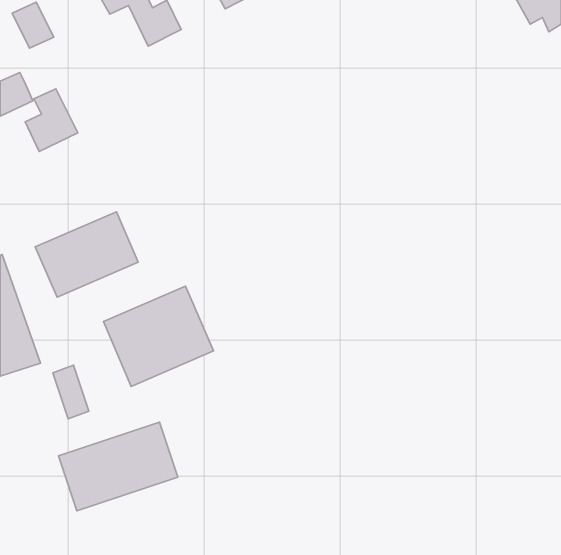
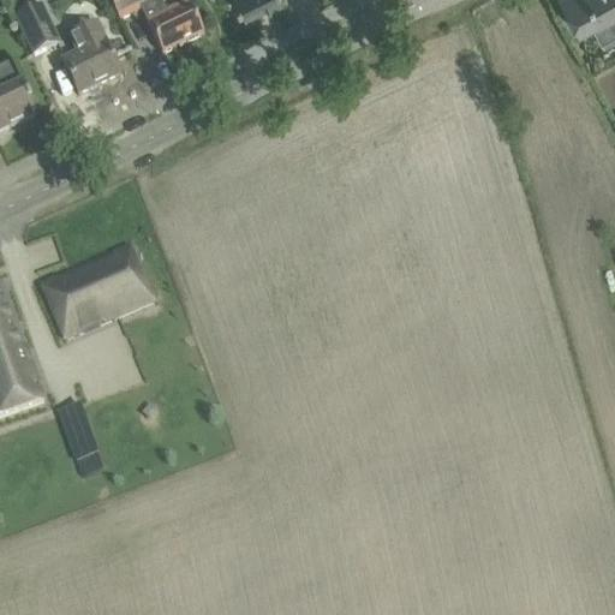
building: [25,89,78,152] -> [62,23,120,91]
building: [103,286,213,386] -> none
building: [59,422,178,511] -> none

